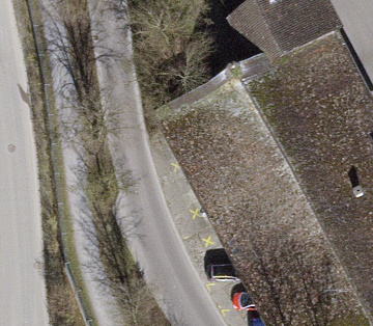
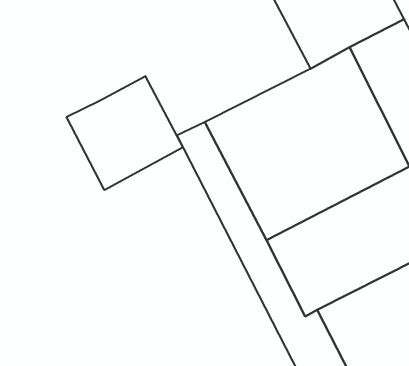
building: none -> [67,76,183,190]

